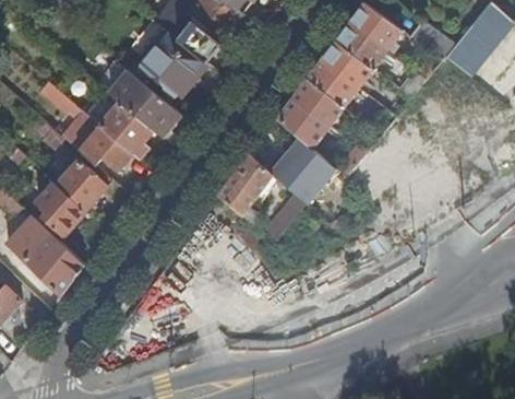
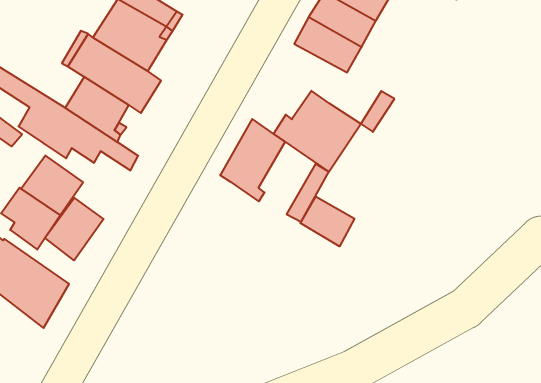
building: [276,96,331,148] -> none
building: none -> [45,198,104,260]
building: none -> [300,197,354,246]

